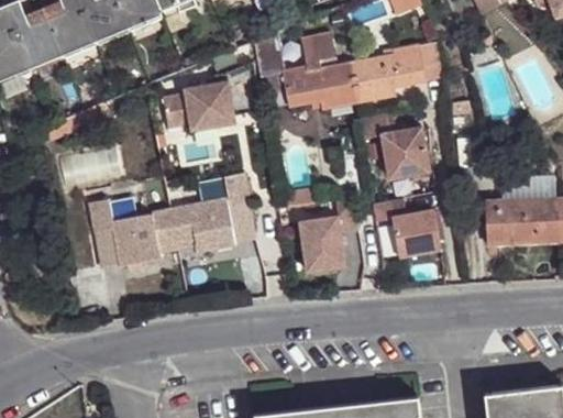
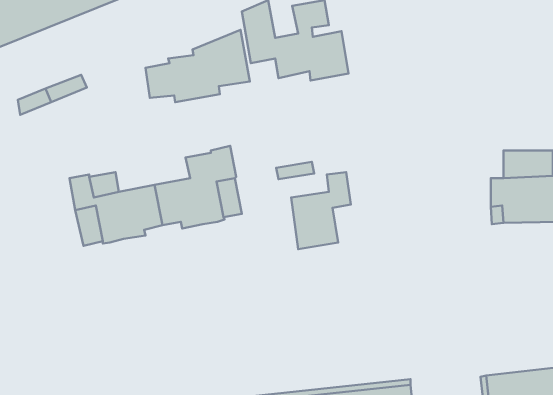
building: [350,42,442,102] -> none
building: [360,114,426,180] -> none
building: [374,199,440,257] -> none

